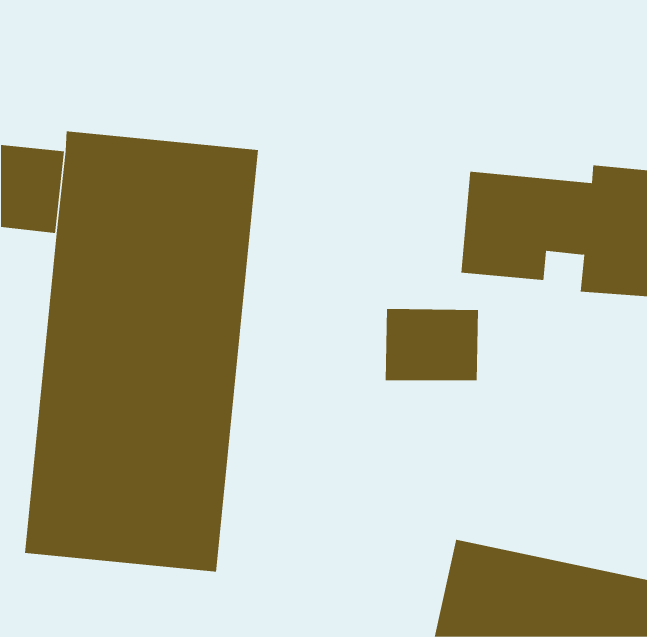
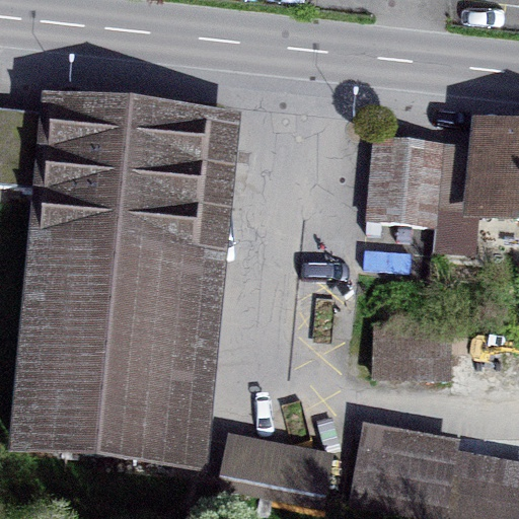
building: [385,309,479,381] -> [373,327,448,385]
building: none -> [221,434,333,495]

